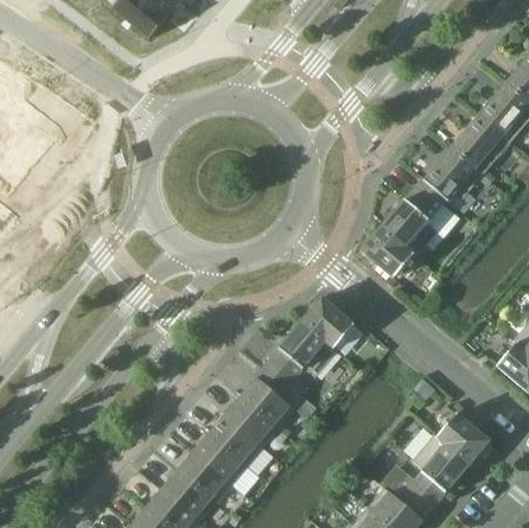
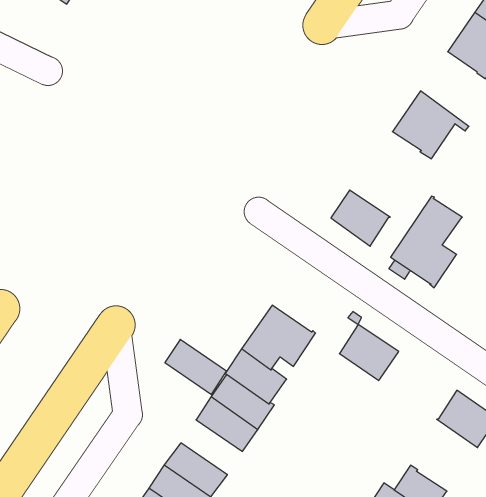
building: [451,114,502,182] -> none
building: [380,177,446,257] -> [391,196,462,288]
building: [301,297,353,348] -> [339,325,399,381]
building: [209,414,262,465] -> [165,339,227,394]
building: [412,433,469,500] -> none

